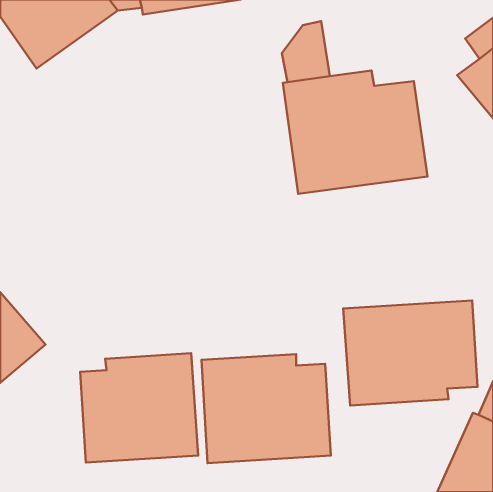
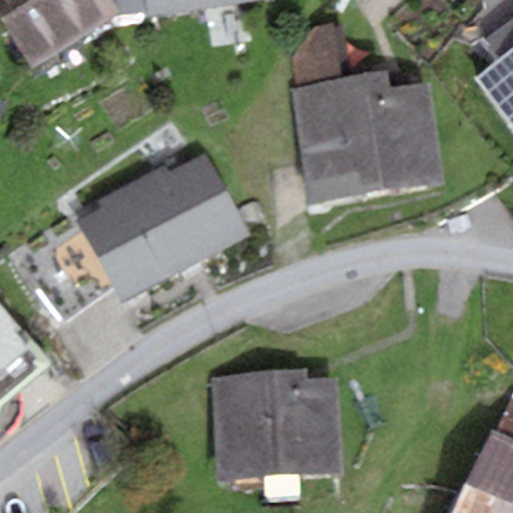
building: none -> [78,151,252,301]
building: [343,301,477,406] -> none
building: [80,353,198,463] -> none

